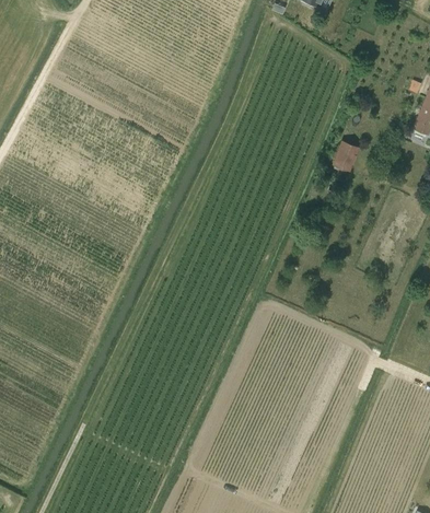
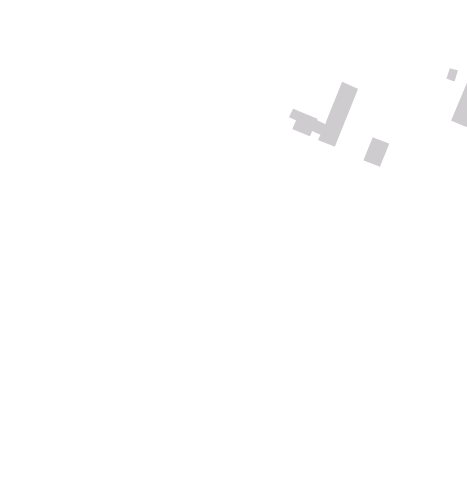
building: none -> [288,81,359,148]

